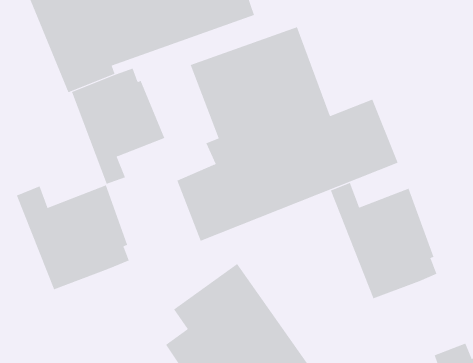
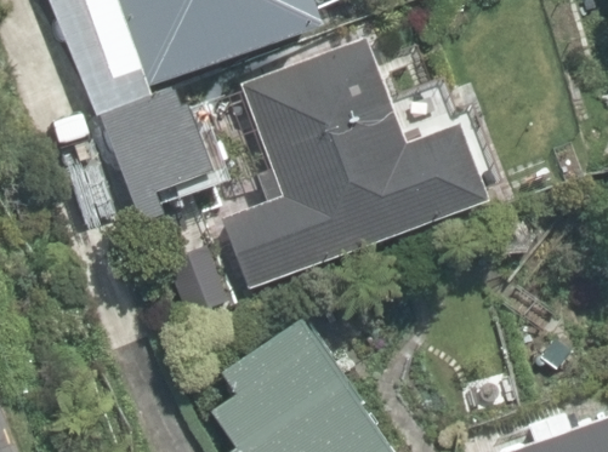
building: [330,182,437,299] -> none
building: [16,185,129,290] -> none

